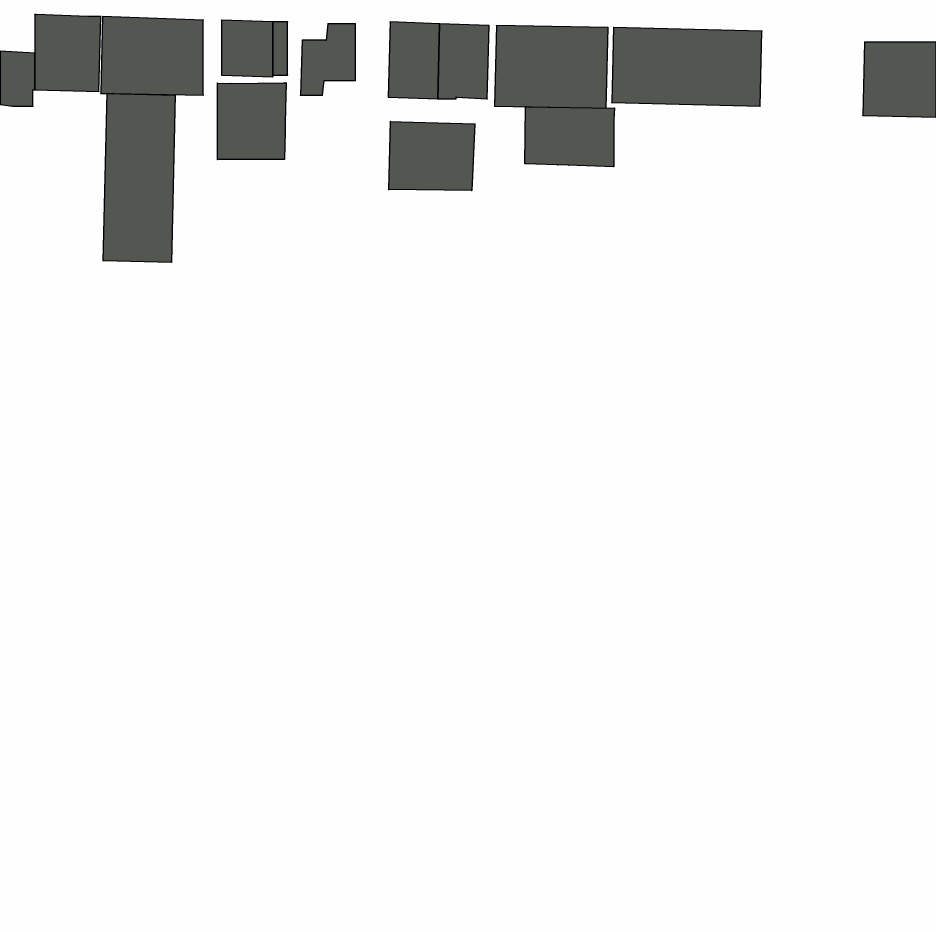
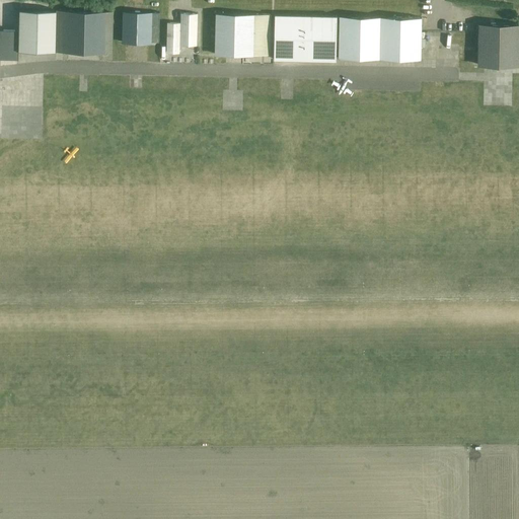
building: [217,83,286,160] -> none
building: [103,93,175,262] -> none
building: [525,107,614,167] -> none
building: [389,121,475,191] -> none

